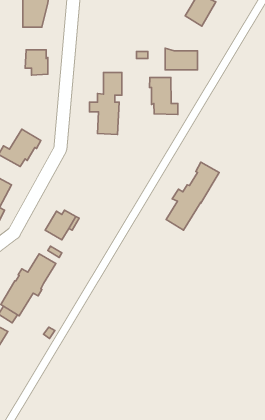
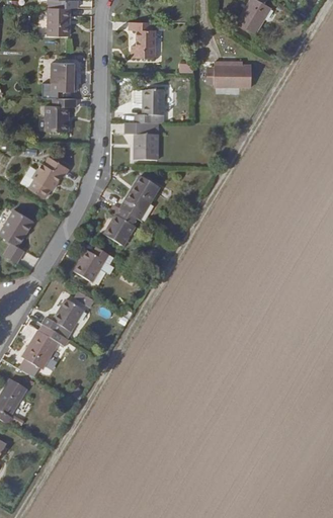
building: none -> [128,20,156,57]
building: [150,78,178,115] -> none
building: none -> [45,96,76,130]
building: [166,162,219,230] -> [100,172,162,251]

